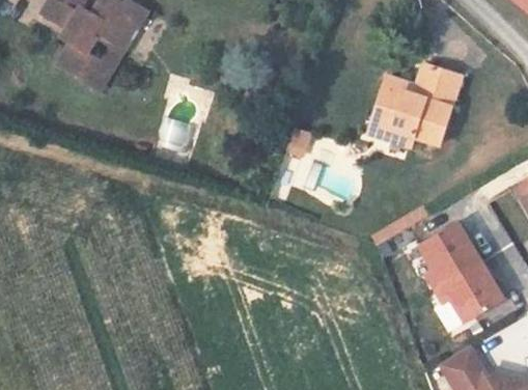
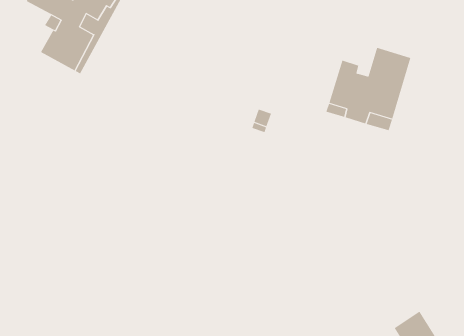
building: [413,221,502,325] -> none

